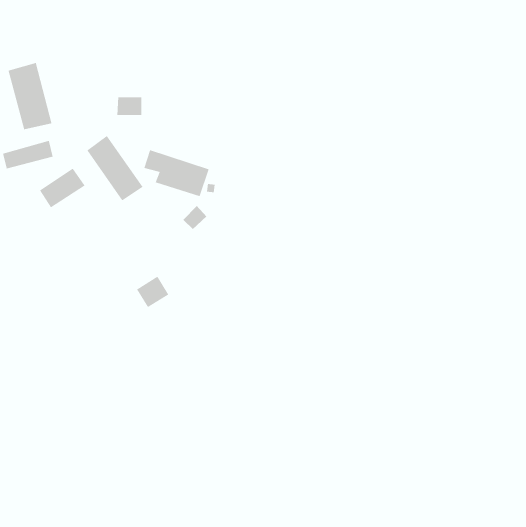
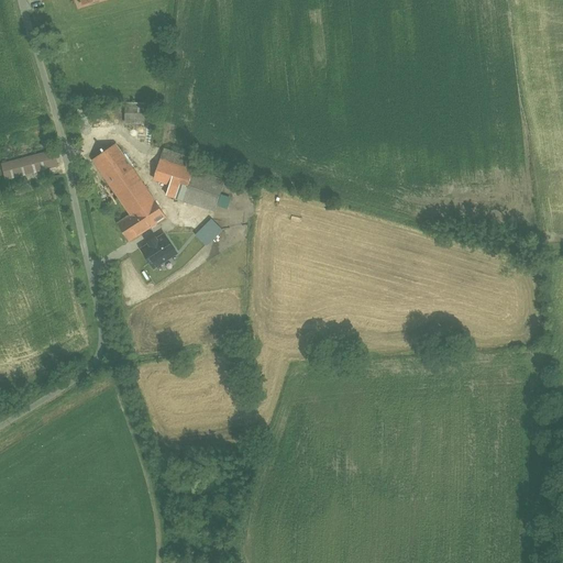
building: [8,62,52,130] -> none
building: [39,168,86,208] -> [117,199,166,242]
building: [136,276,169,308] -> [141,234,176,268]

